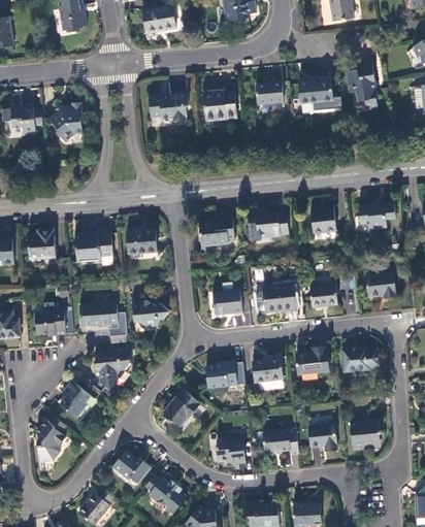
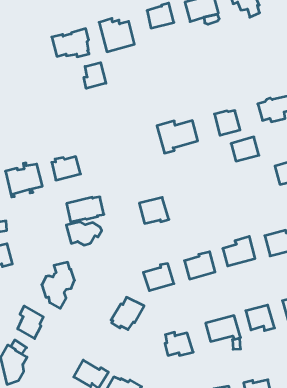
building: none -> [84,63,106,88]
building: [199,219,234,246] -> none
building: [263,284,296,314] -> none
building: [309,285,337,307] -> [231,137,259,161]
building: [79,304,118,327] -> [67,197,104,222]

